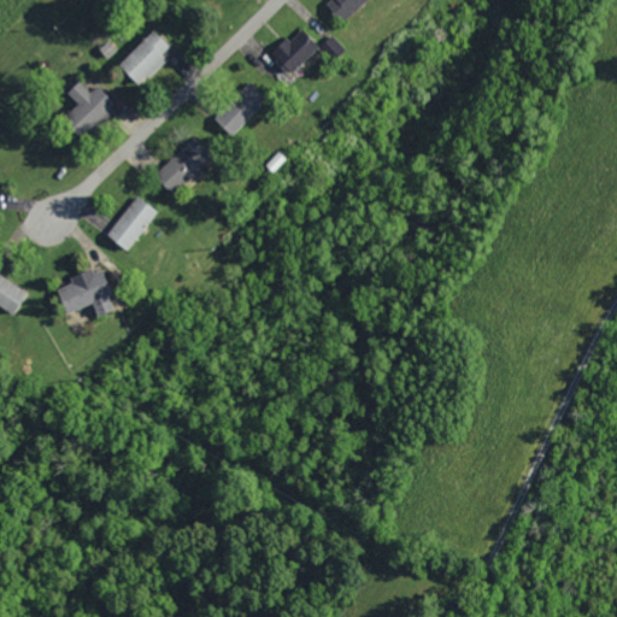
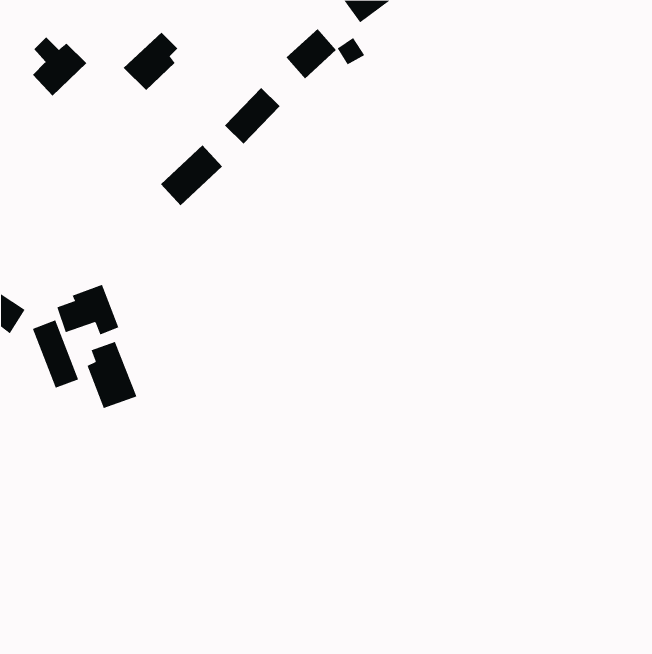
building: [65,80,117,136] -> [32,36,87,97]
building: [106,195,157,251] -> none
building: none -> [32,319,79,389]
building: none -> [87,341,137,409]

